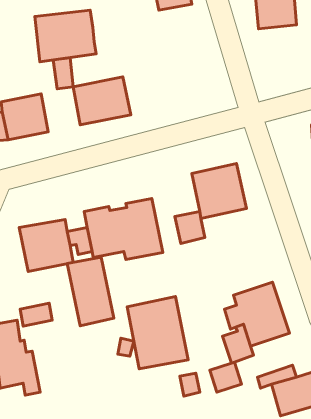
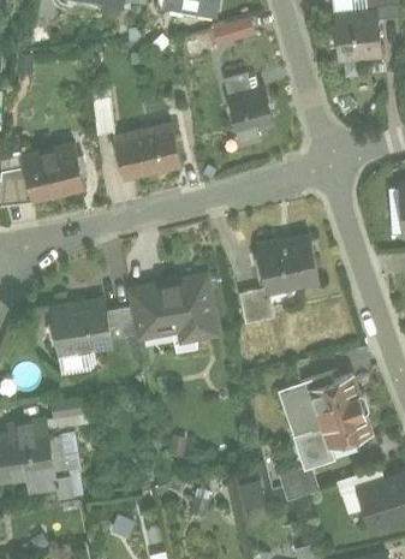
building: [35,10,96,62] -> none
building: none -> [225,76,275,143]
building: [67,257,114,326] -> none
building: [127,297,188,369] -> none

